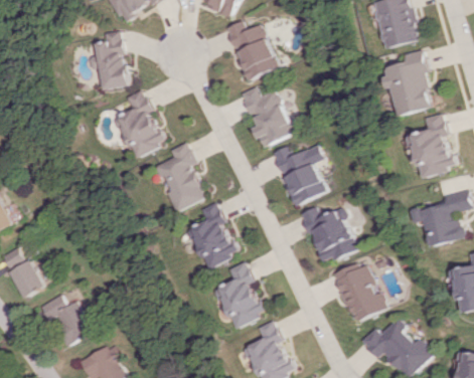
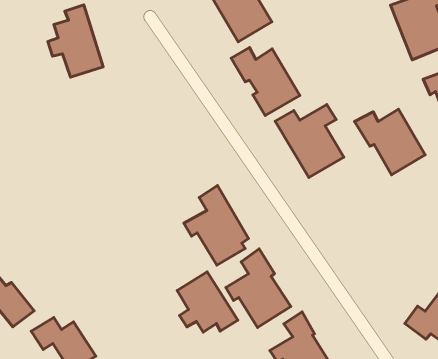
building: [111,89,162,158] -> none
building: [152,143,204,210] -> none
building: [300,207,356,263] -> [355,109,425,175]
building: [331,260,385,323] -> none
building: none -> [177,272,238,332]

